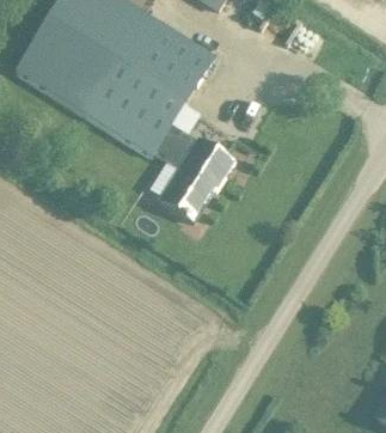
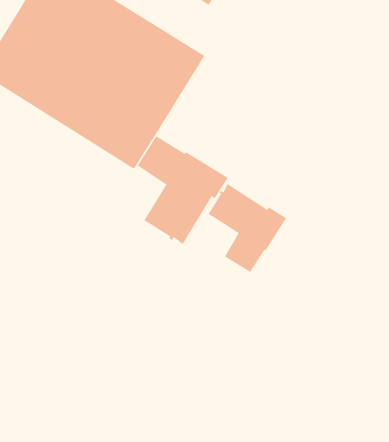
building: none -> [208,183,287,273]

